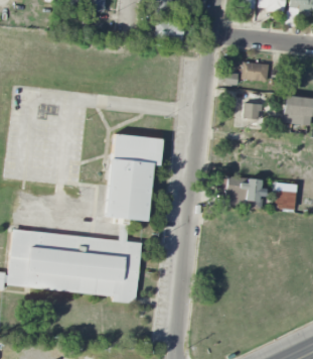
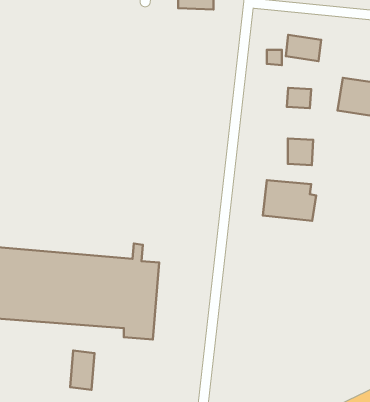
building: [105,134,162,221] -> none
building: [276,188,296,209] -> [288,138,313,165]
building: none -> [70,350,95,390]

